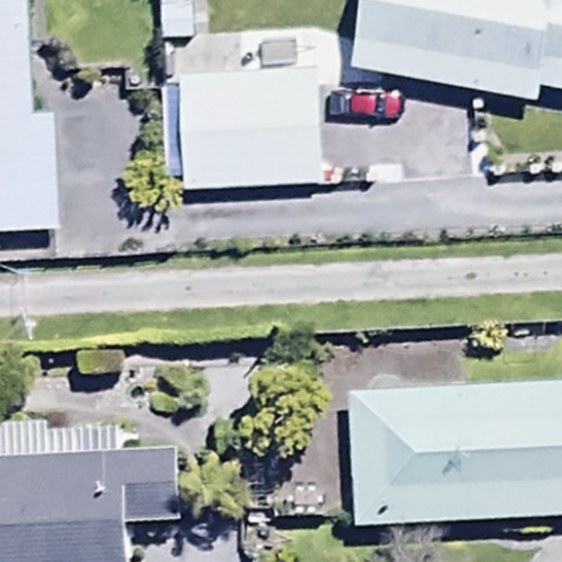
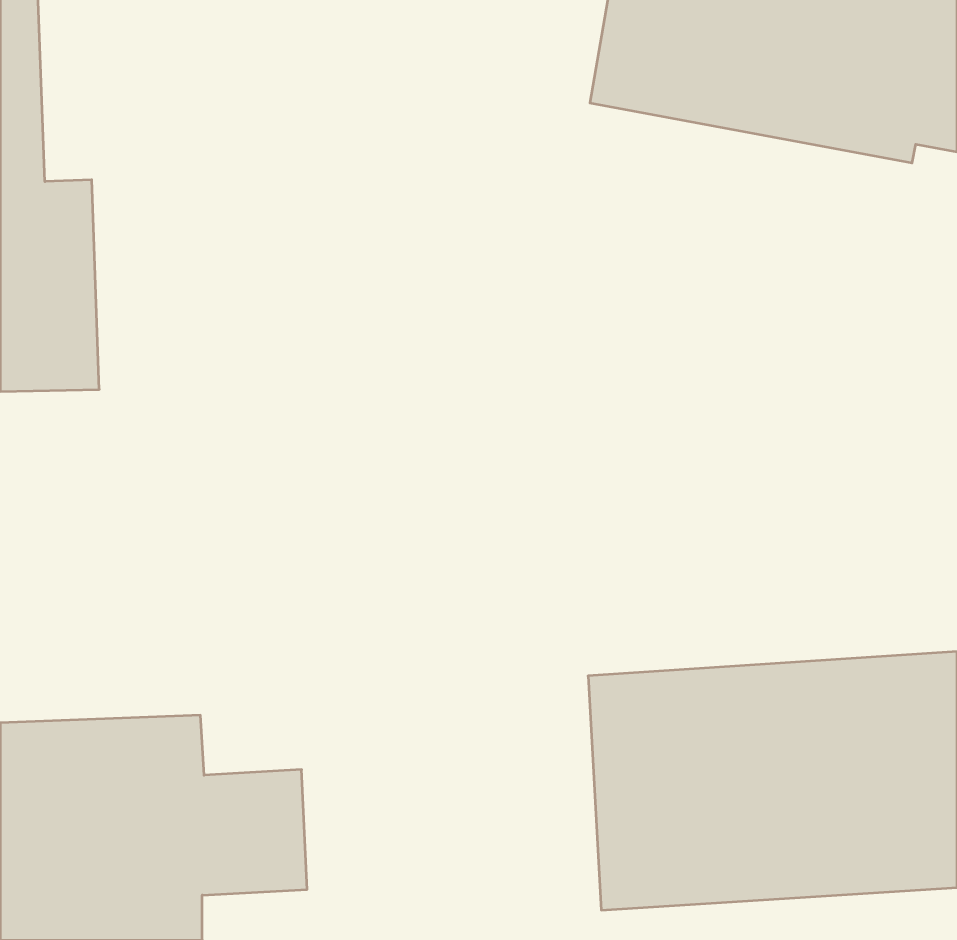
building: [172,55,323,188] -> none

